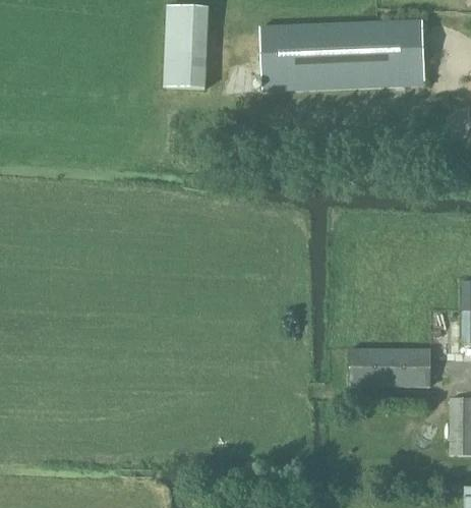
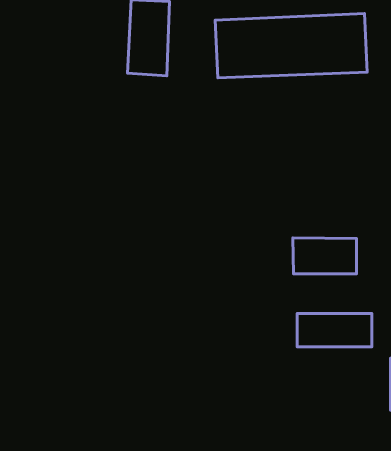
building: none -> [293,238,357,274]

